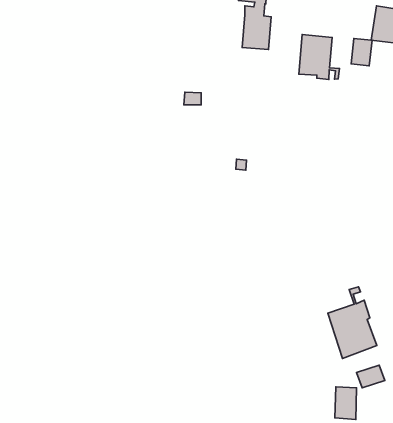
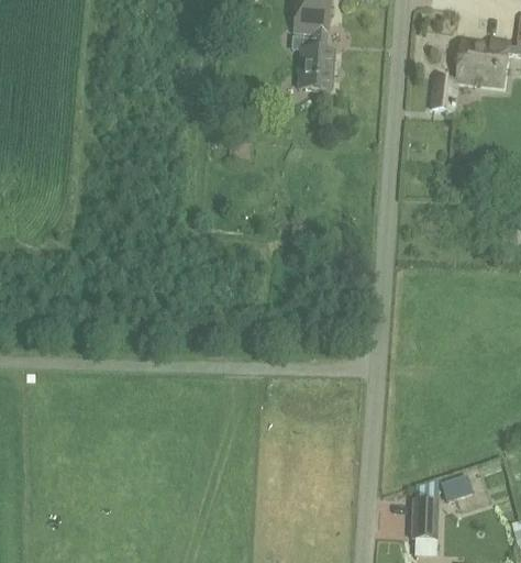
building: [299,34,339,80] -> none
building: [328,287,377,358] -> none

